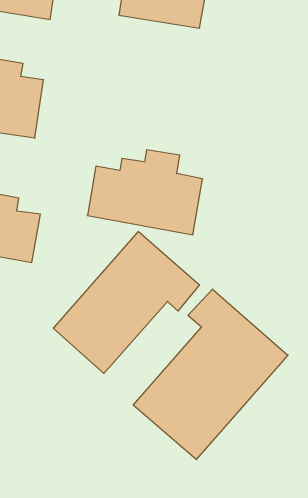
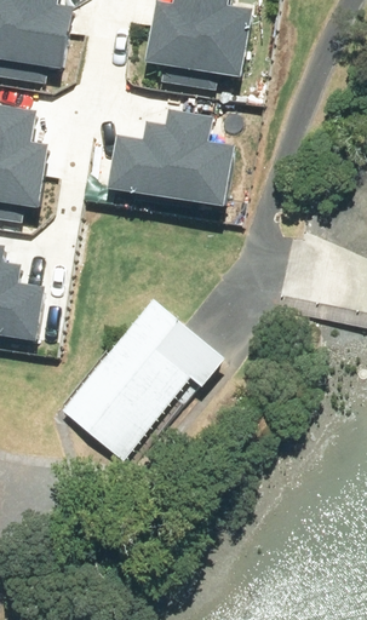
building: [87,150,203,235] -> [107,113,236,208]
building: [133,289,288,460] -> none

